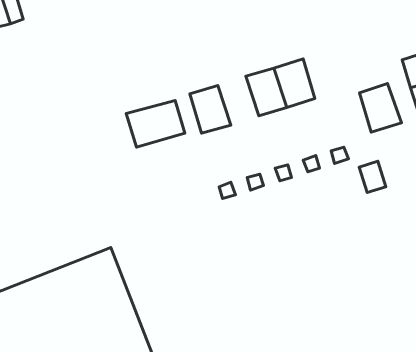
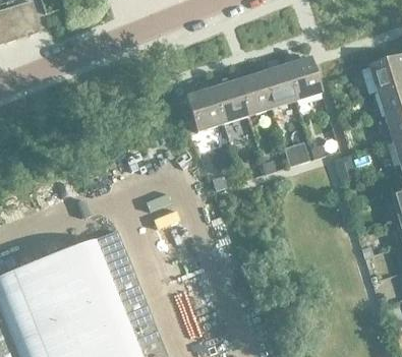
building: none -> [210,80,245,123]
building: [359,83,401,132] -> [284,57,321,100]
building: [126,100,185,147] -> none

